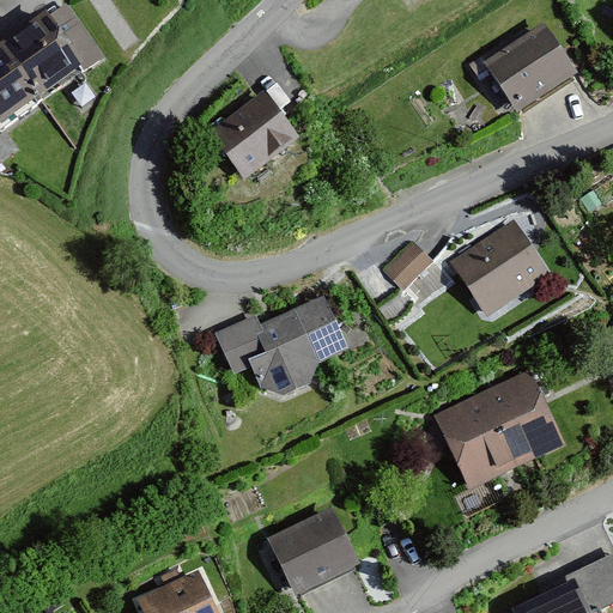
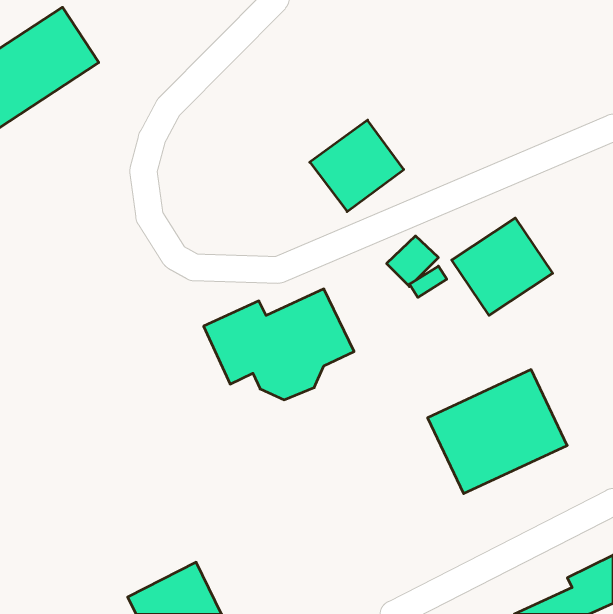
building: [484,29,577,116] -> none
building: [210,93,303,184] -> [310,120,404,212]
building: [265,506,360,599] -> none

